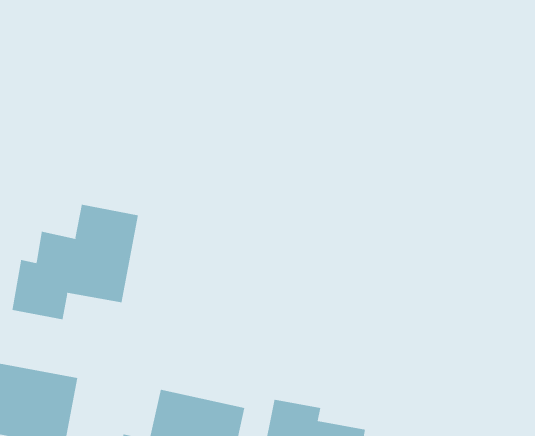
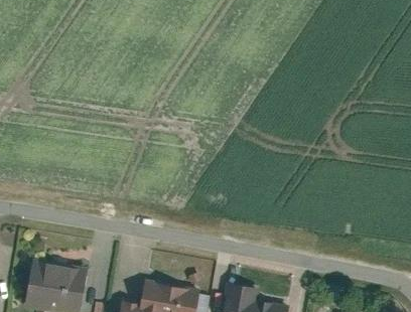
building: [12,204,138,320] -> none

